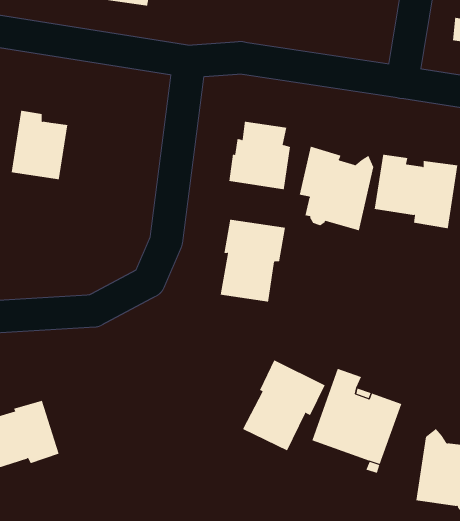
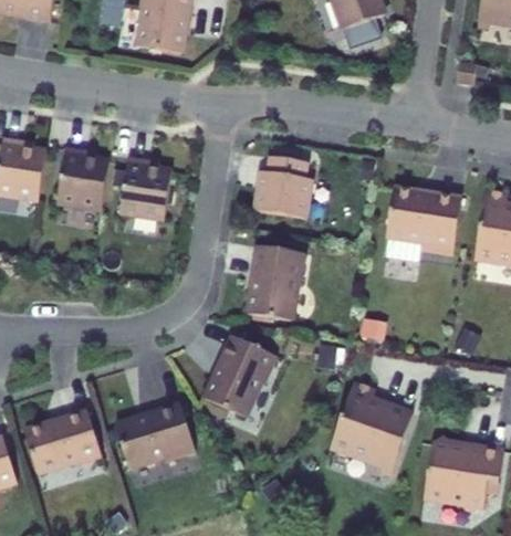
building: none -> [119,157,171,221]
building: [299,146,374,231] -> none
building: [242,360,325,451] -> [202,334,278,417]
building: none -> [115,402,196,466]

